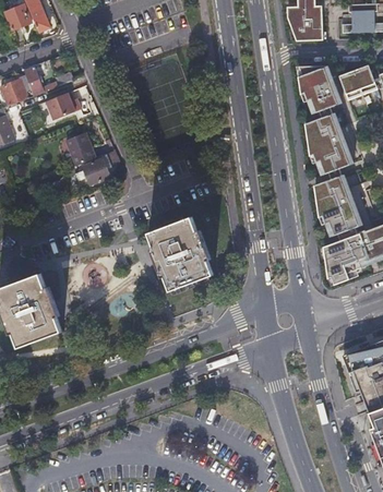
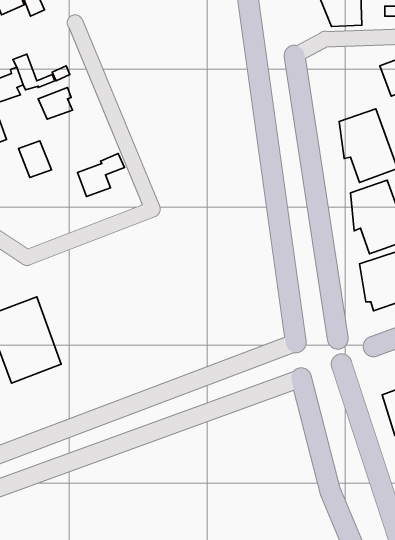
building: [297,63,343,113] -> none
building: [64,133,93,165] -> [18,141,51,178]
building: [151,217,219,292] -> none

